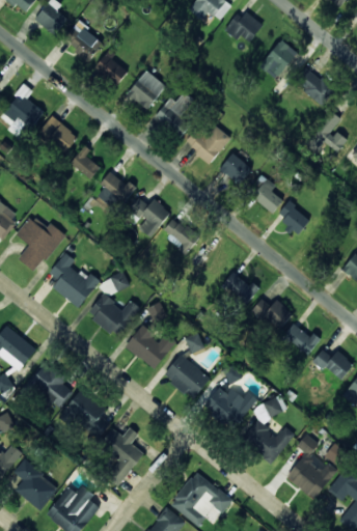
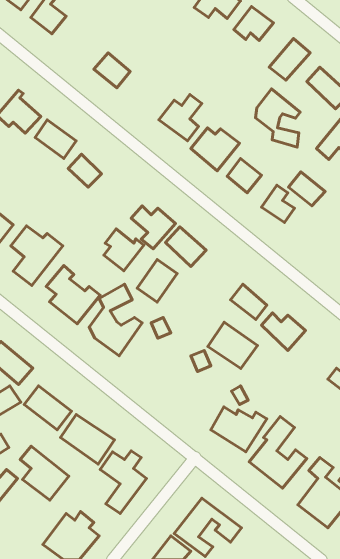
building: [62,21,104,61] -> none
building: [127,69,165,110] -> none
building: none -> [256,89,300,147]
building: [98,171,135,211] -> [104,229,144,271]
building: [276,201,310,233] -> [289,172,325,206]
building: none -> [137,259,177,302]
building: [283,323,318,356] -> none
building: [125,326,176,369] -> none
building: [163,355,210,398] -> [208,322,257,369]
building: [12,459,58,510] -> [20,446,69,500]

